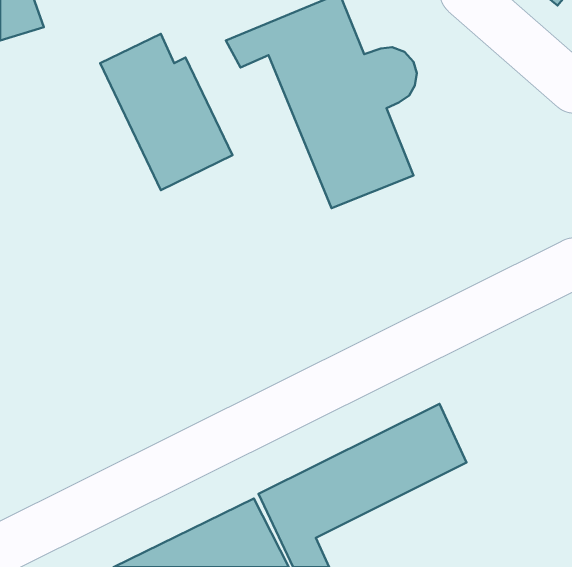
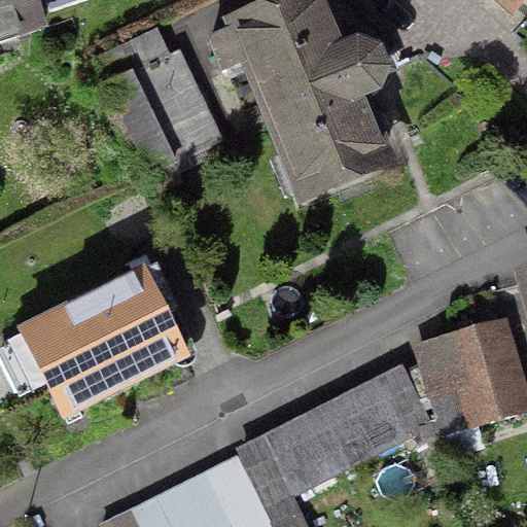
building: none -> [22,234,196,414]
building: none -> [418,322,521,423]

